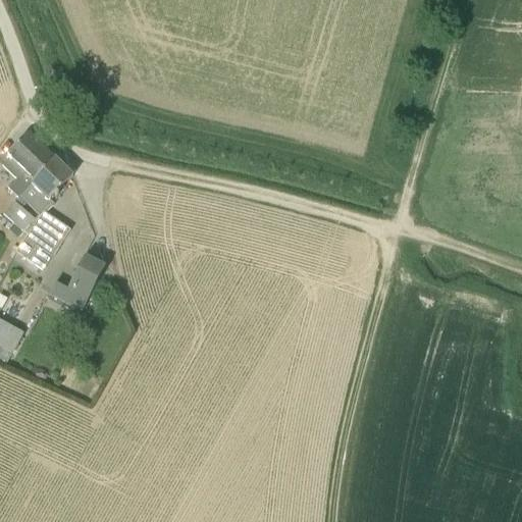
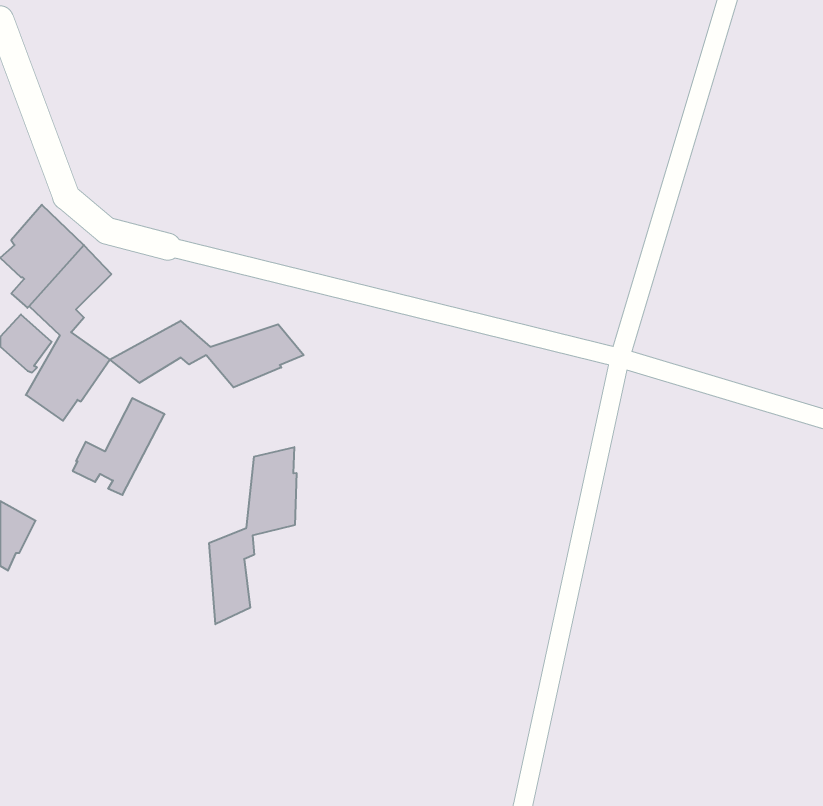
building: none -> [110,321,304,387]
building: none -> [209,447,296,624]

